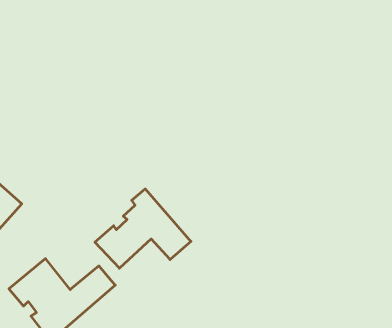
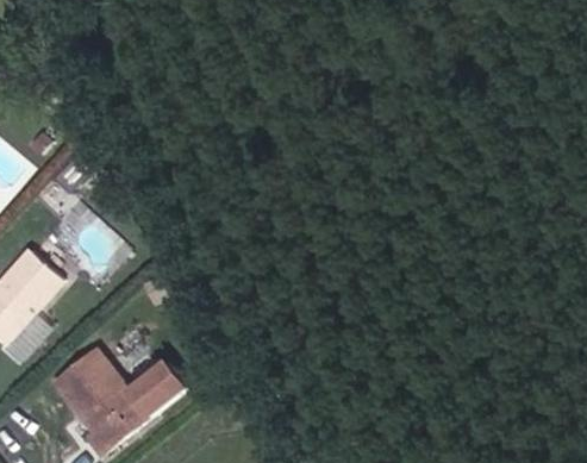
building: [95,189,191,268] -> none

